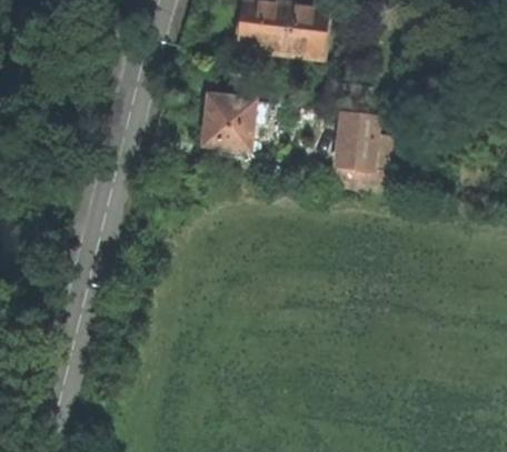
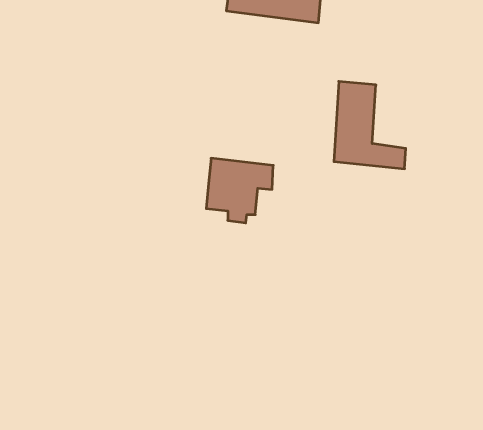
building: [202,96,265,155] -> [206,158,273,223]

